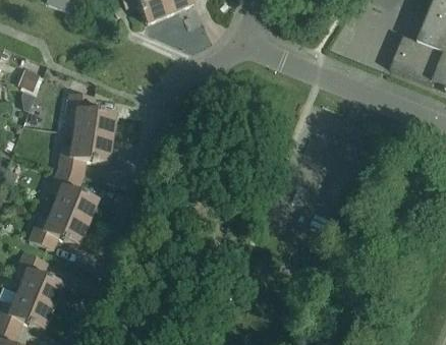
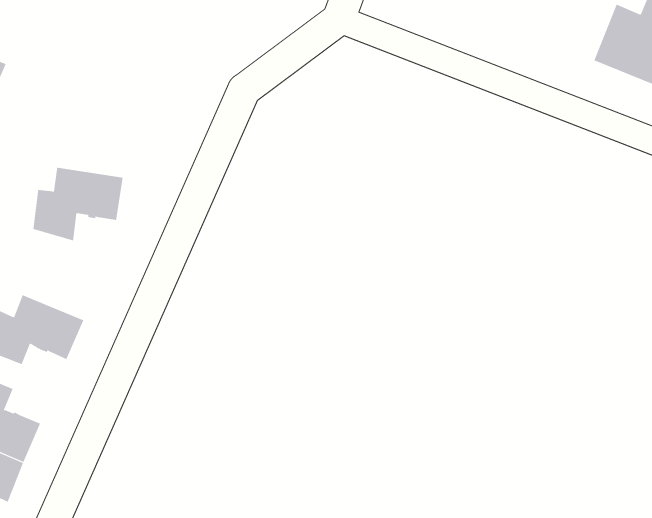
building: [65,93,115,137] -> none
building: [49,168,98,222] -> none

